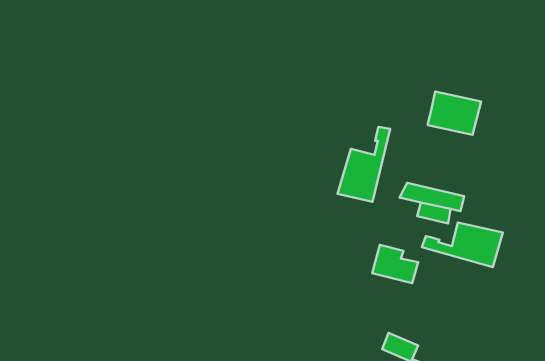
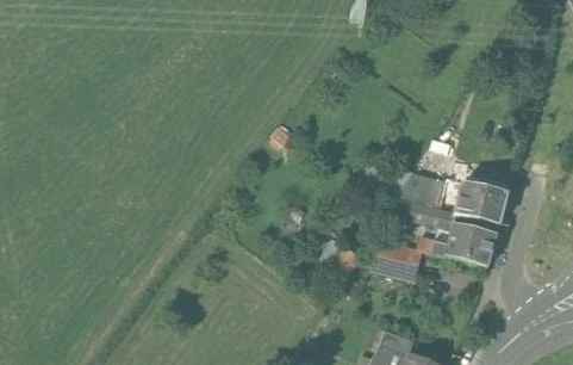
building: [428,91,481,135] -> [455,180,506,222]
building: [338,127,390,202] -> none

